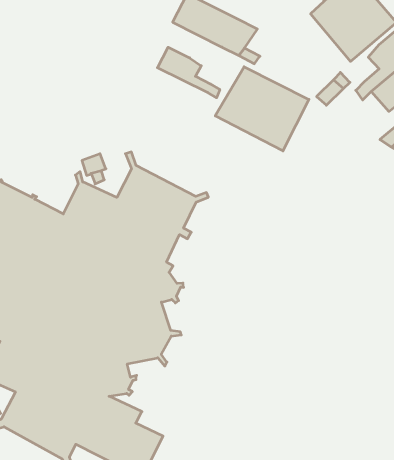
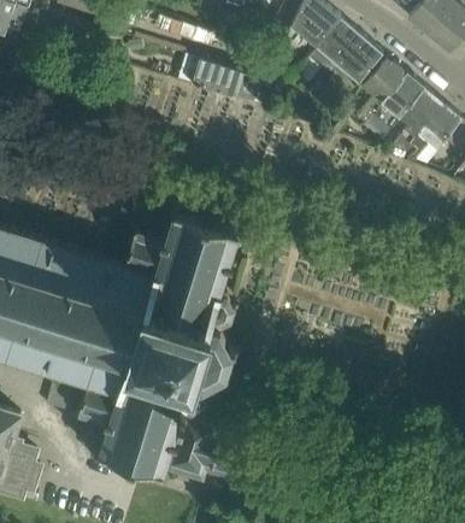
building: [157,47,220,98] -> none
building: [215,67,309,151] -> none

